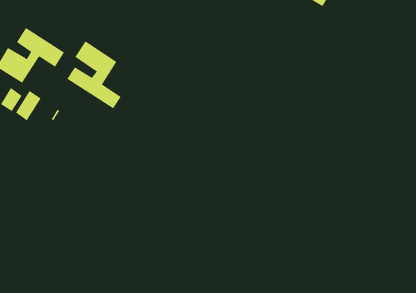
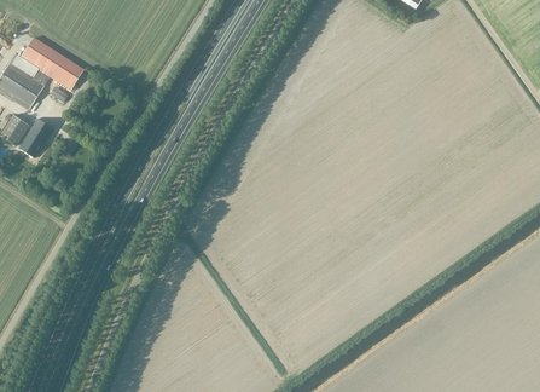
building: [66,41,122,109] -> none

